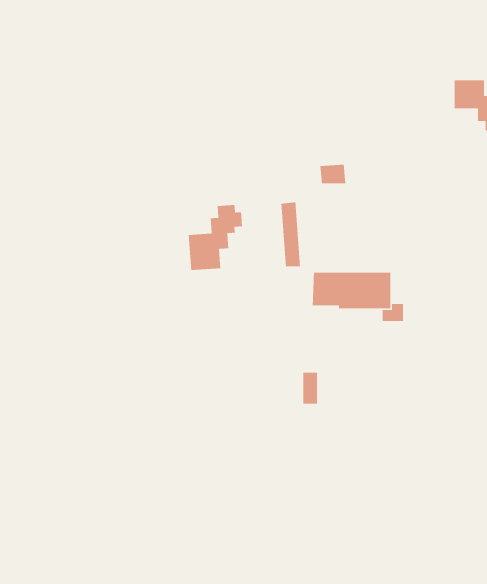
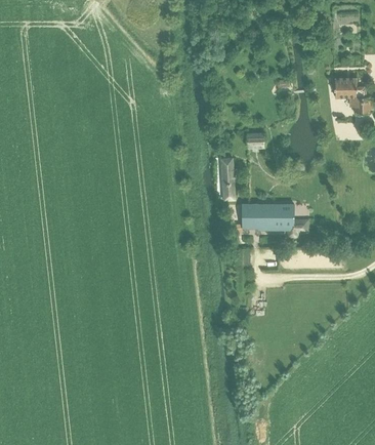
building: [188,204,243,271] -> none

